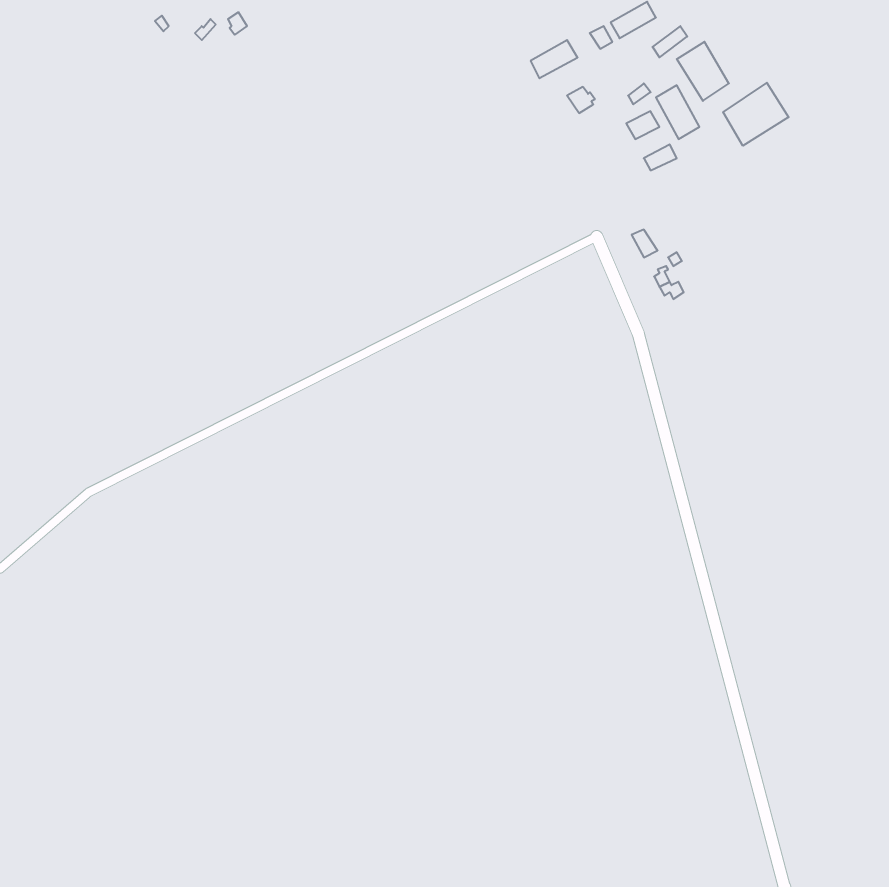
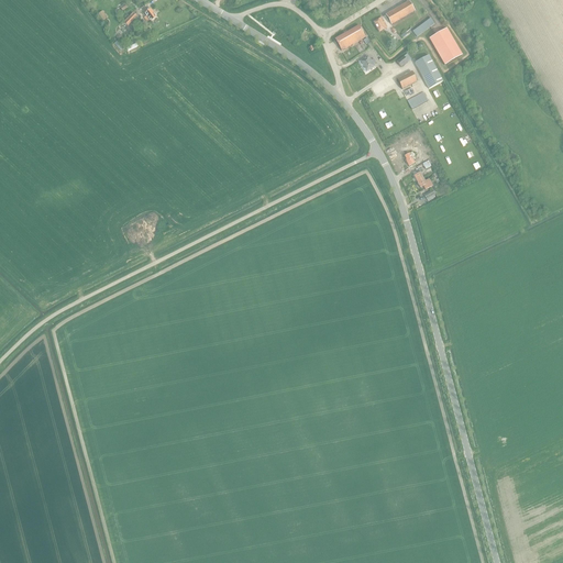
building: [723,83,789,146] -> none

